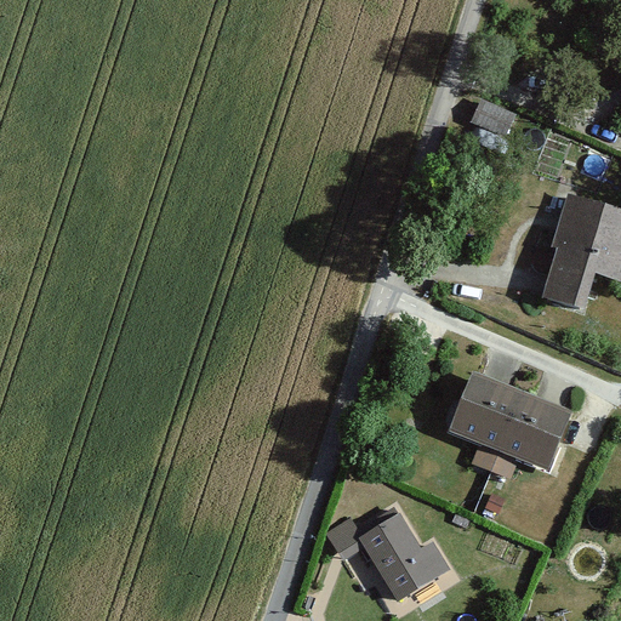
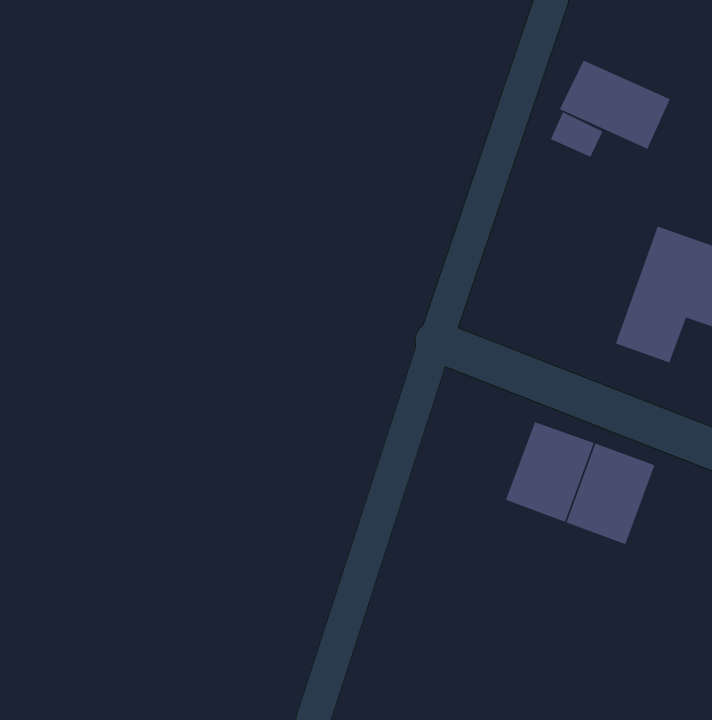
building: none -> [559,59,671,150]
building: [327,517,455,605] -> none

